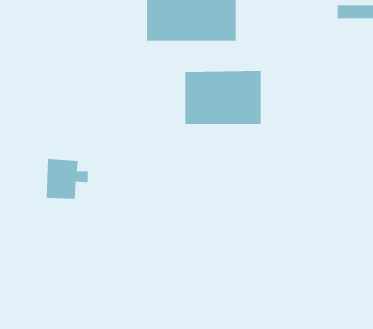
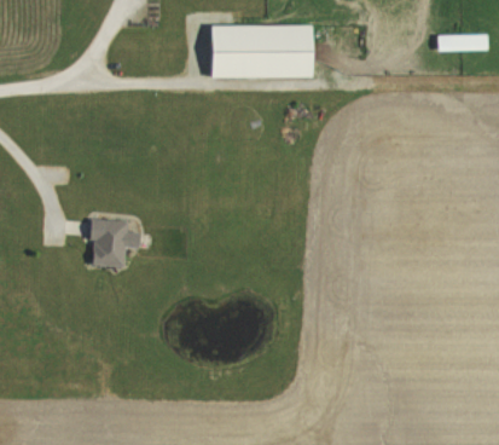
building: [185,70,261,125] -> none

